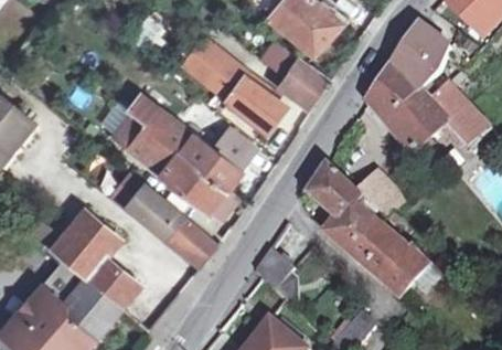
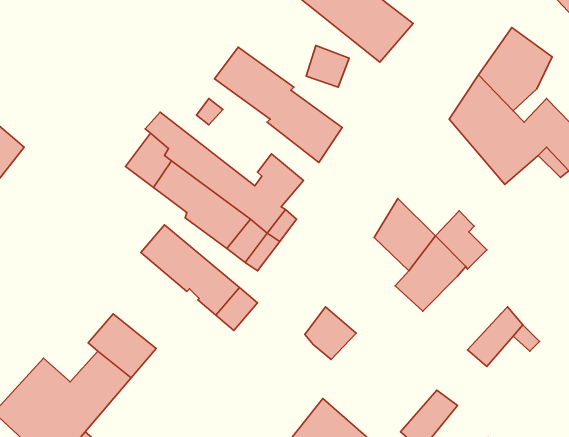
building: [281,57,329,105] -> none
building: [46,204,116,275] -> none
building: [348,222,409,280] -> none

